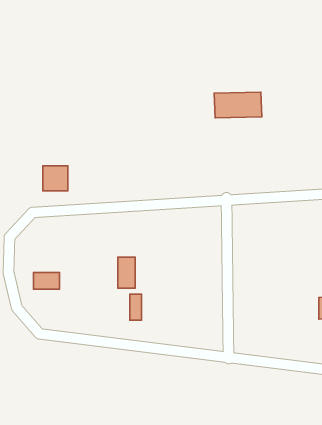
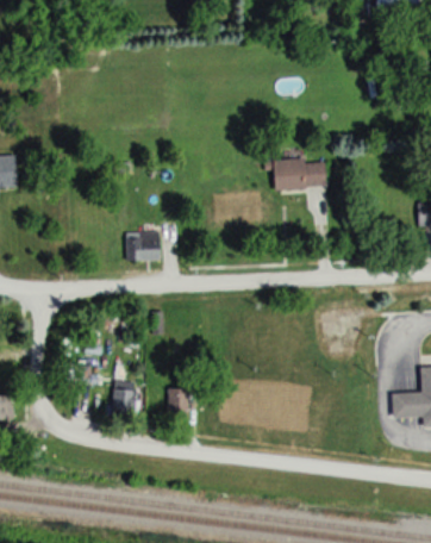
building: [43,166,68,191] -> [131,231,160,260]
building: [118,257,135,288] -> [113,381,133,417]

